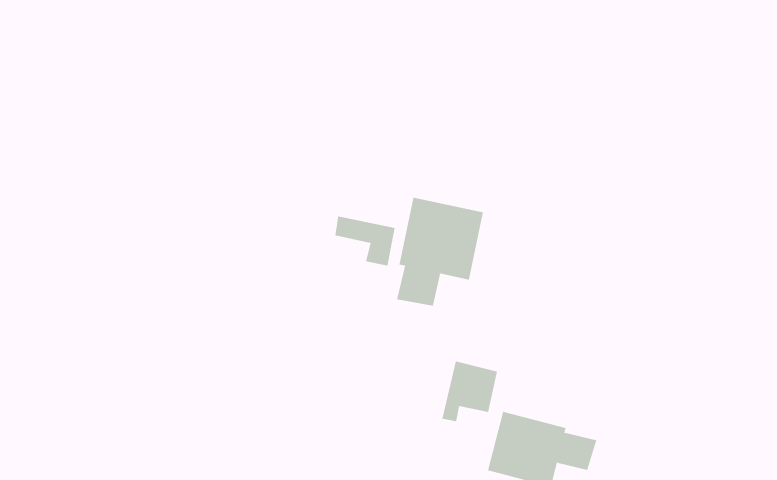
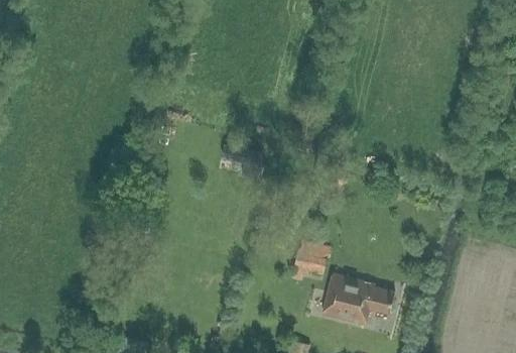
building: [396,197,484,306] -> none

